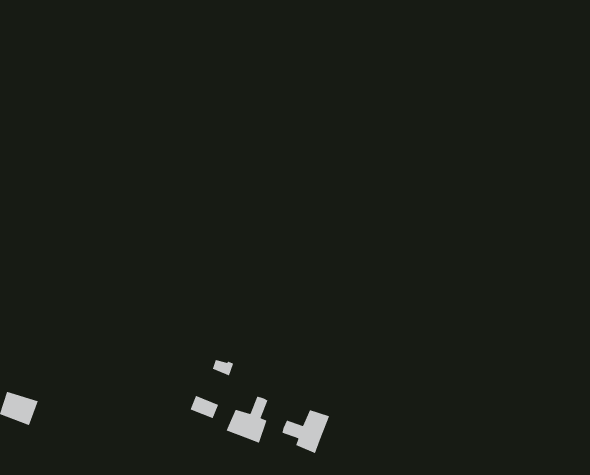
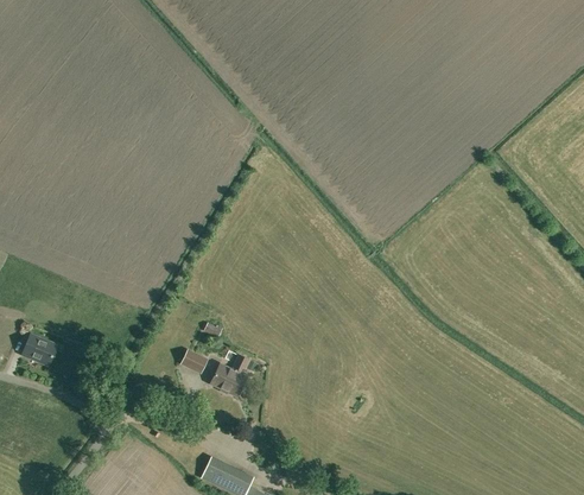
building: [282,409,330,454] -> none

